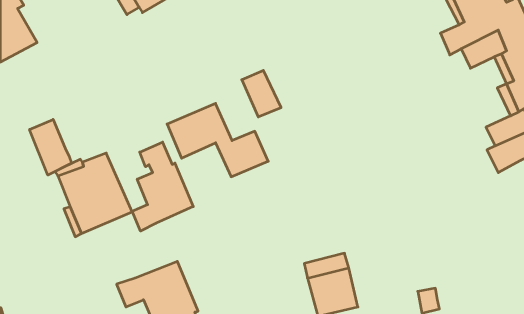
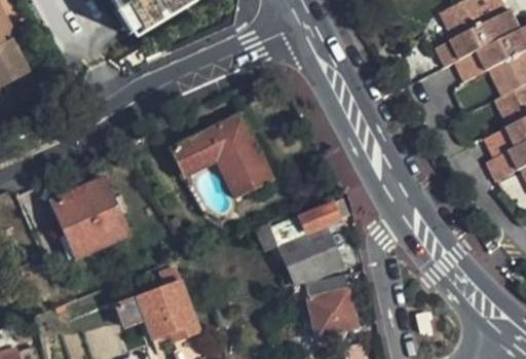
building: [242,70,281,117] -> [215,114,254,160]
building: [30,119,71,175] -> none
building: [132,142,193,231] -> none
building: none -> [253,195,350,281]

